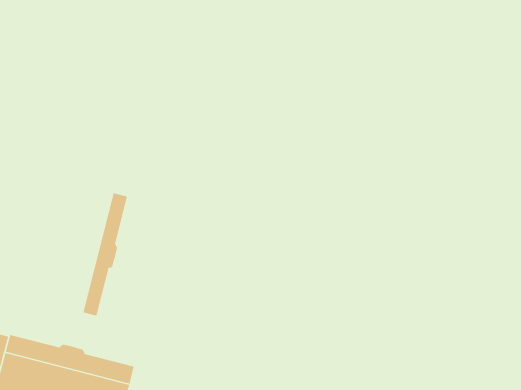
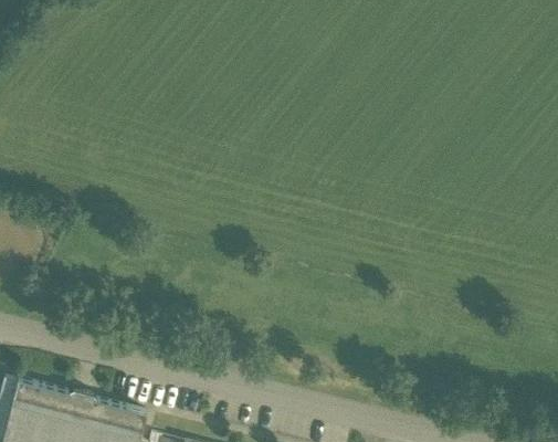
building: [82,192,128,317] -> none

